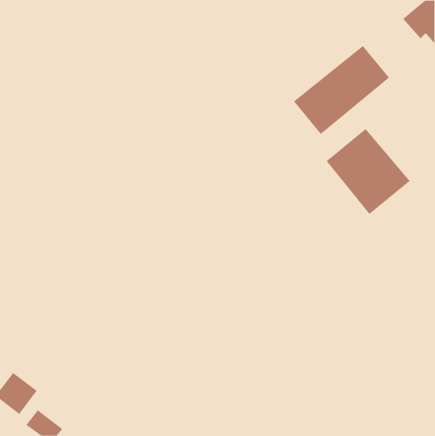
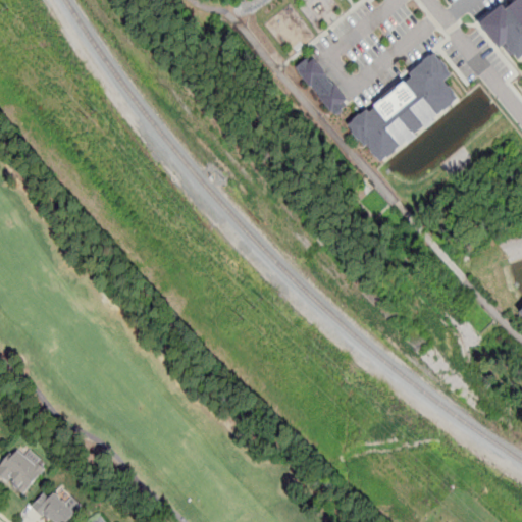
building: none -> [296,58,347,115]
building: [326,128,410,215] -> none

